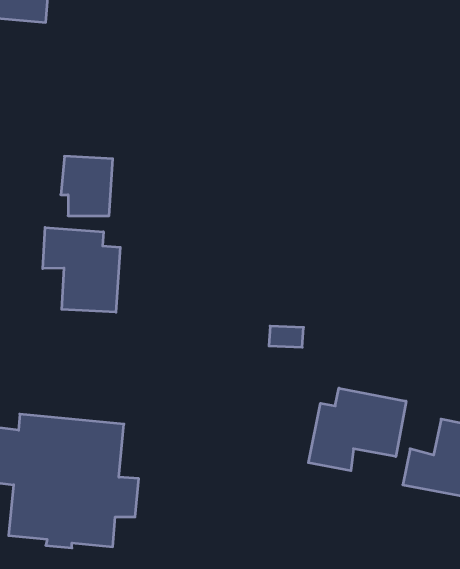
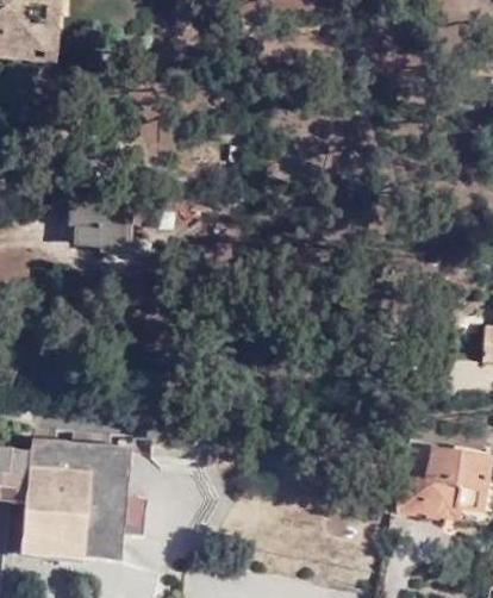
building: [43,227,120,312] -> none
building: [308,388,406,471] -> none

